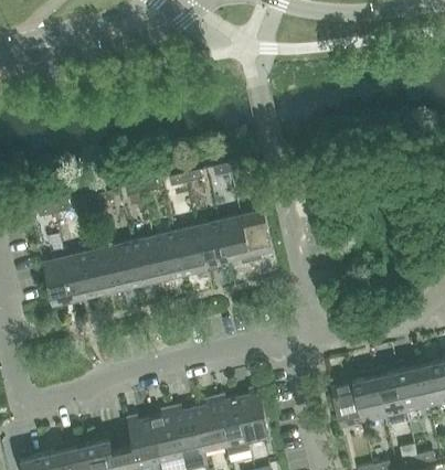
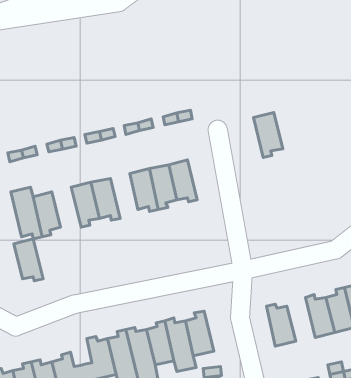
building: [239,211,272,261] -> [253,113,283,158]
building: [151,232,182,282] -> none
building: [85,247,118,295] -> [14,239,43,281]
building: [351,372,383,421] -> none

